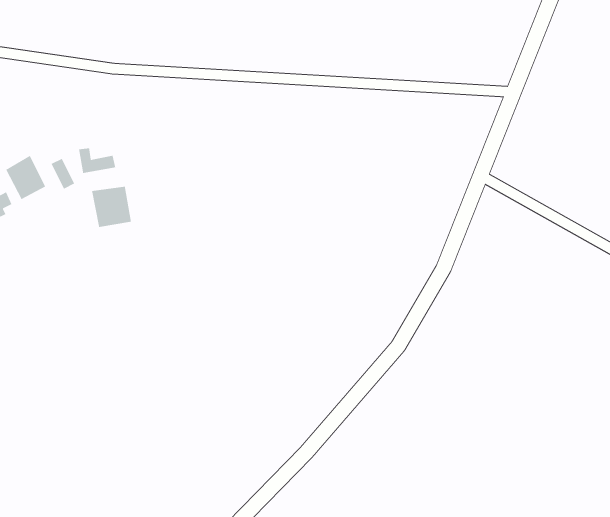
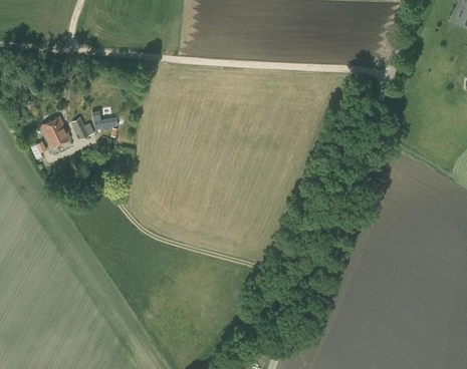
building: [91,186,132,228] -> none

